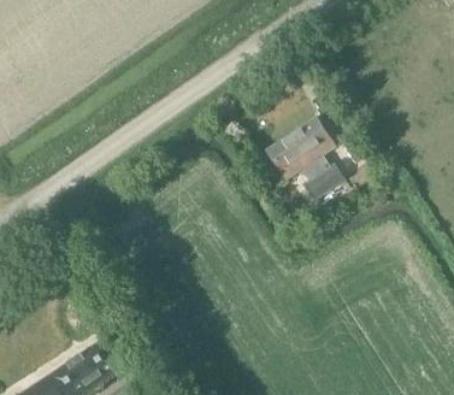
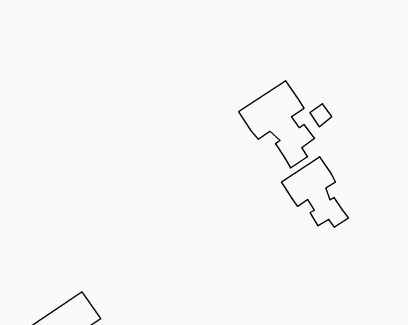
building: none -> [282,157,348,227]

